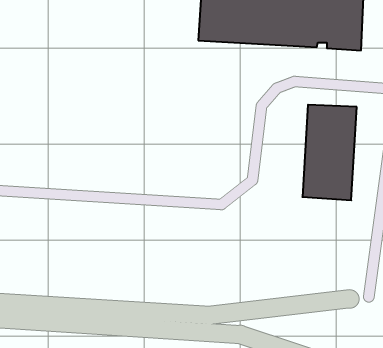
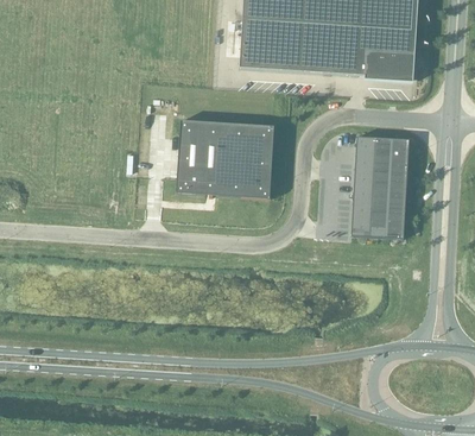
building: none -> [176,120,273,197]

